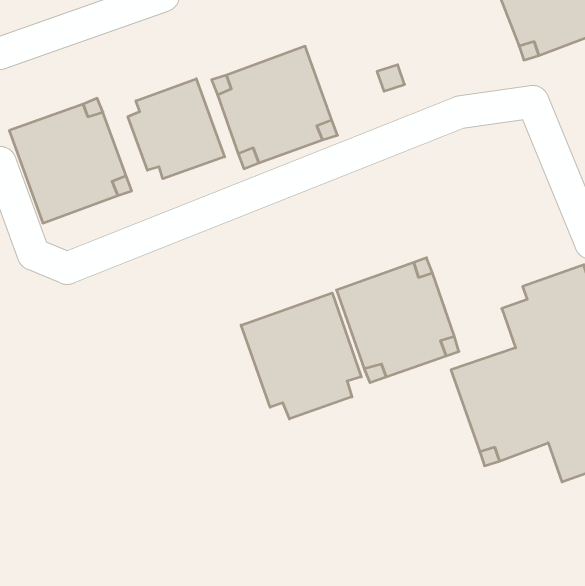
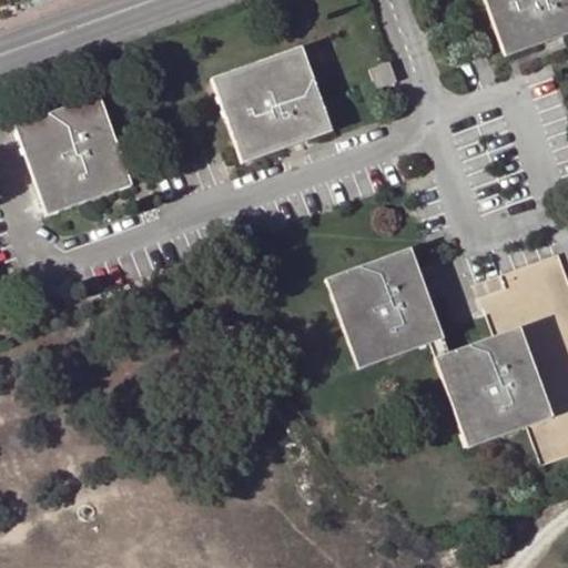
building: [128,79,225,179] -> none
building: [241,293,361,419] -> none

